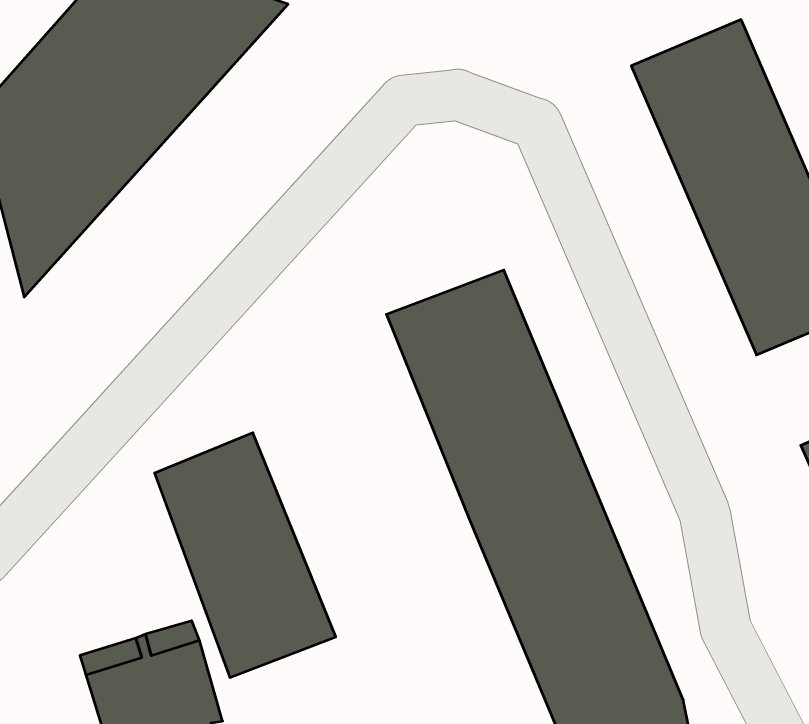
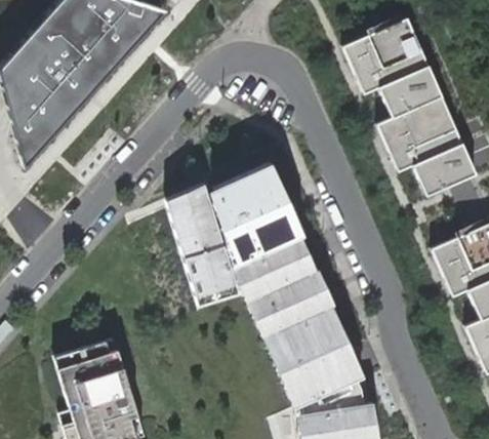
building: [155,433,336,677] -> [162,178,258,309]

